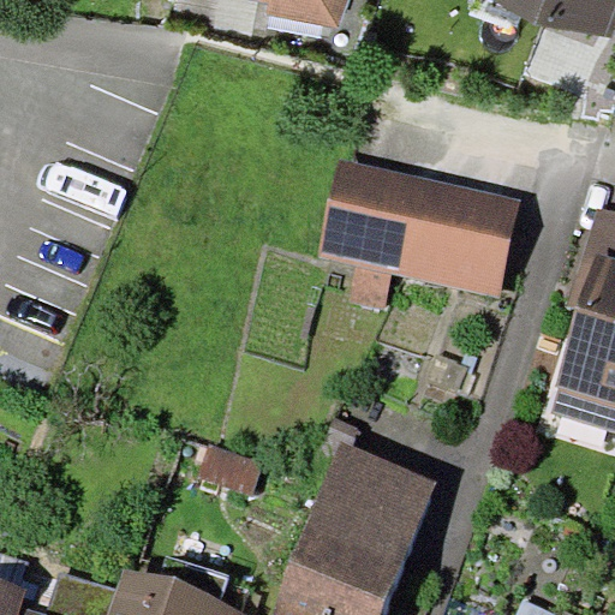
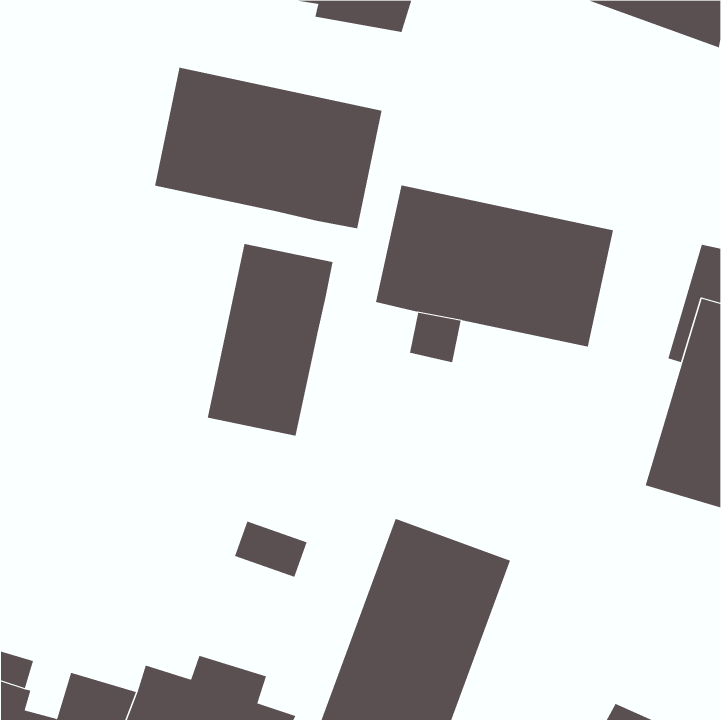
building: none -> [154,67,382,229]
building: none -> [207,243,333,437]

